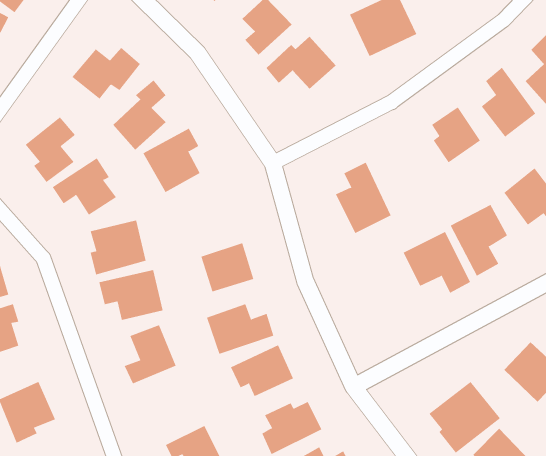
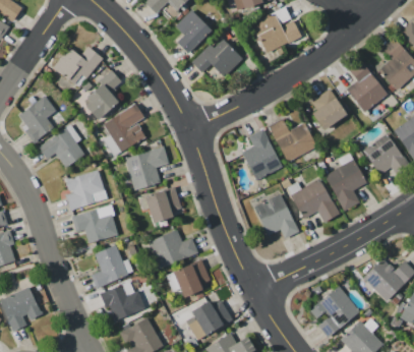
building: none -> [269,118,316,162]
building: none -> [126,148,169,189]
building: none -> [254,194,297,237]
building: none -> [103,281,143,320]

